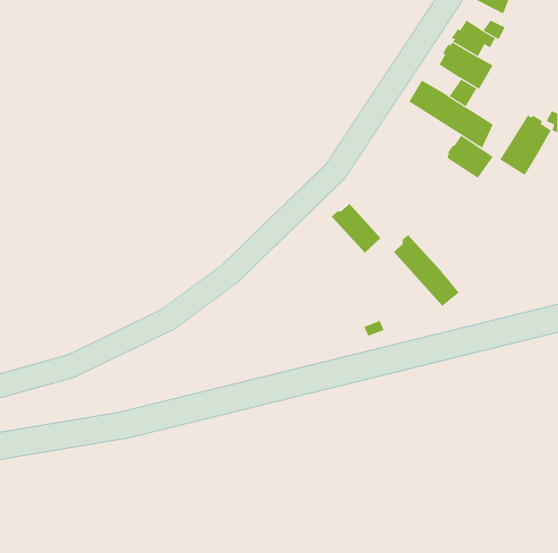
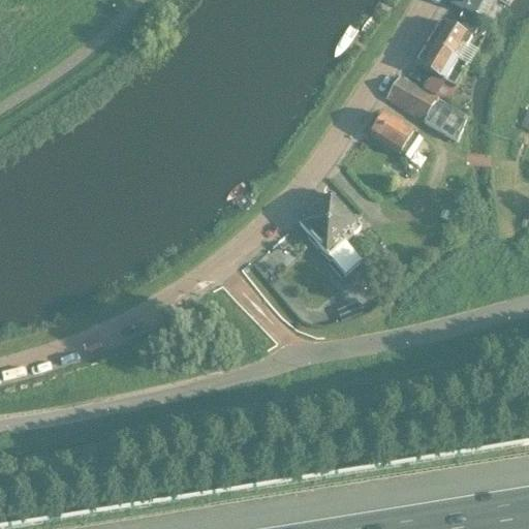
building: [499,115,551,176] -> none
building: [447,135,494,179] -> [370,112,414,153]
building: [393,234,460,307] -> [299,205,362,273]

